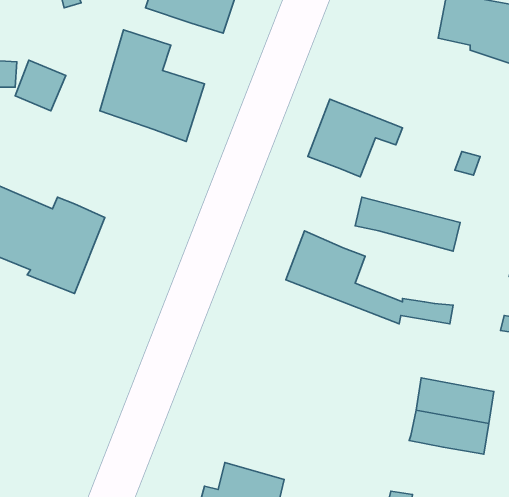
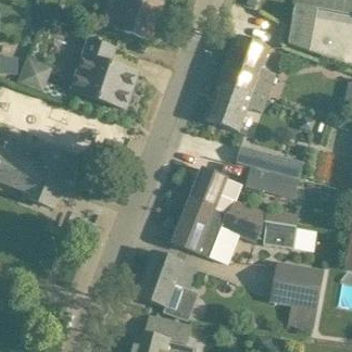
building: none -> [218,34,275,100]
building: none -> [246,166,298,198]
building: none -> [173,198,296,263]
building: none -> [135,250,199,322]

